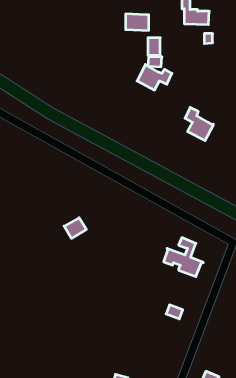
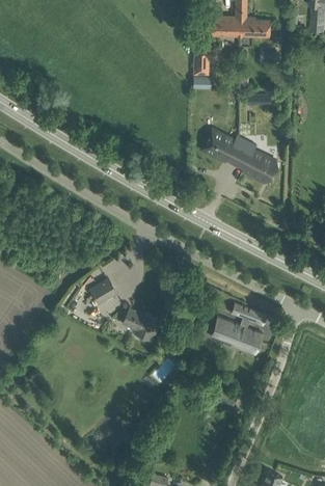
building: [126,14,149,30] -> [211,17,240,37]
building: [137,64,172,90] -> [204,130,247,162]
building: none -> [124,311,160,341]

